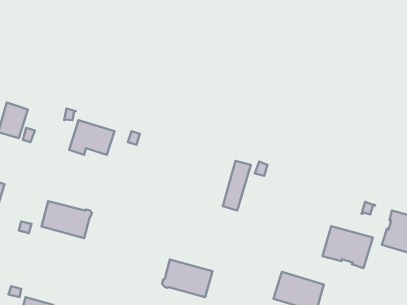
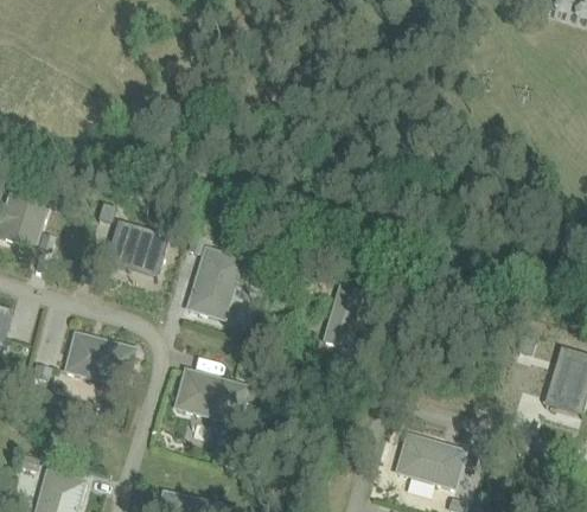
building: none -> [186,249,242,313]
building: [322,226,373,268] -> none
building: [162,259,213,297] -> [174,370,245,423]

